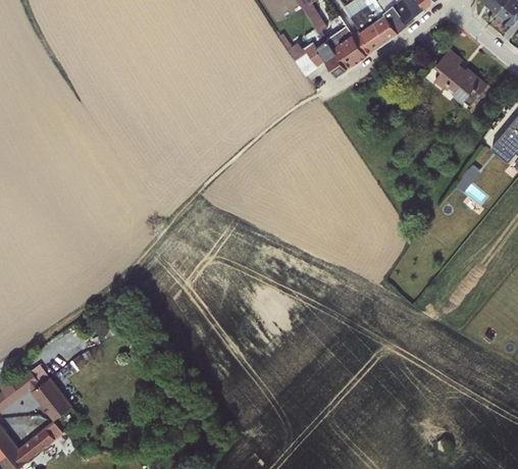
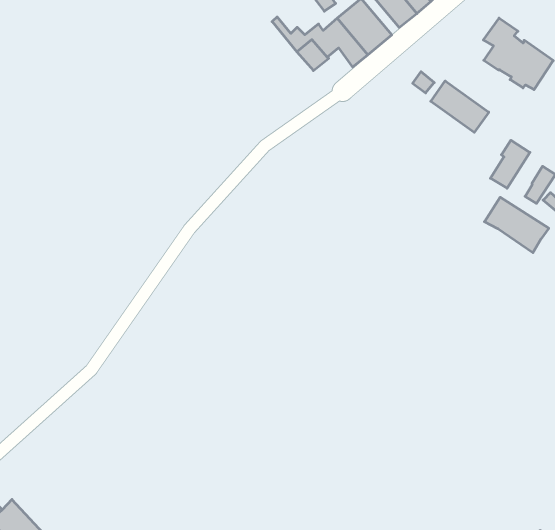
building: none -> [431,81,489,132]
building: none -> [490,140,530,188]
building: none -> [484,197,549,253]

